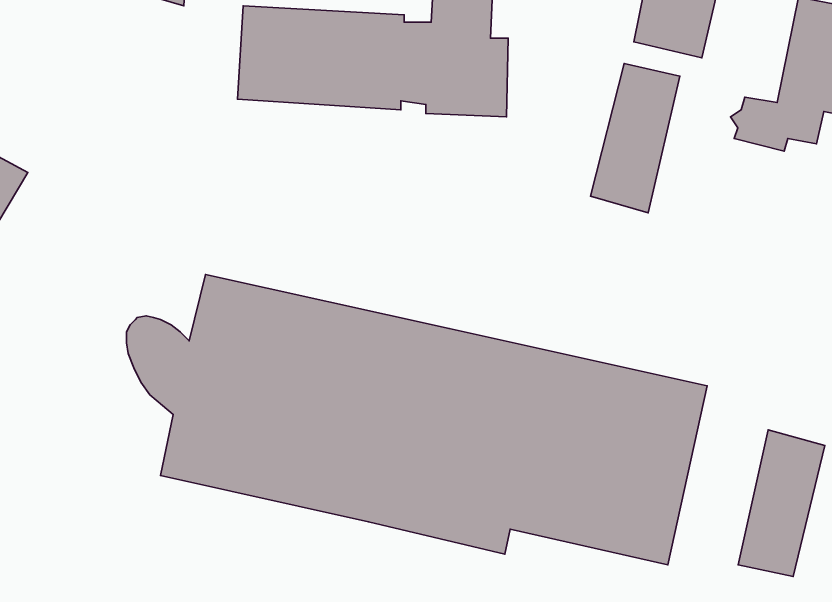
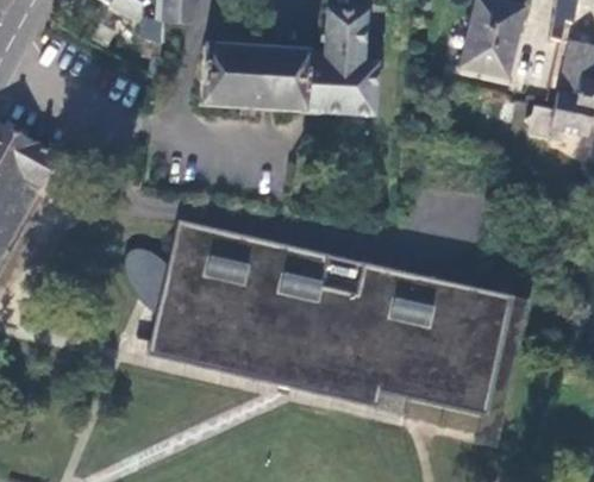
building: [591,64,680,213] -> none
building: [738,430,825,577] -> none

